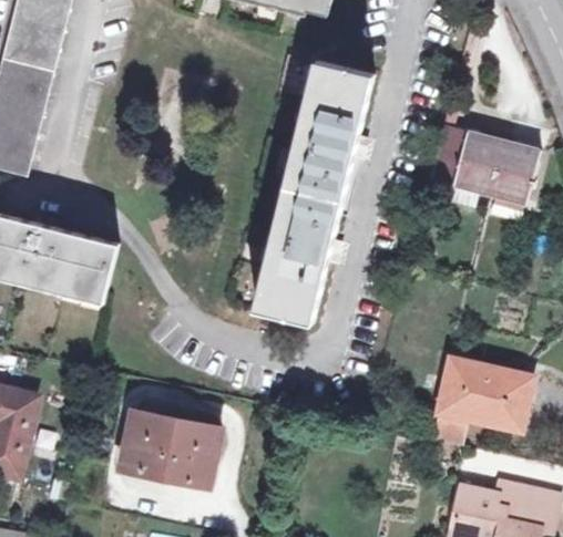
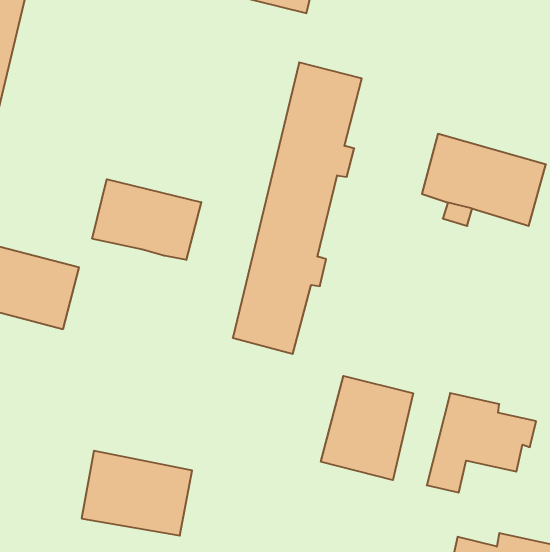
building: none -> [92,179,201,260]
building: none -> [321,376,413,480]

